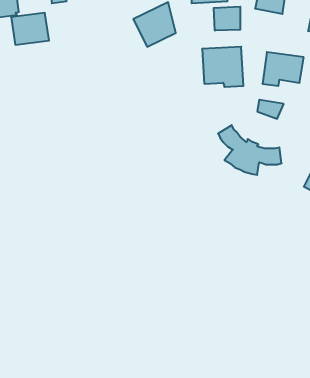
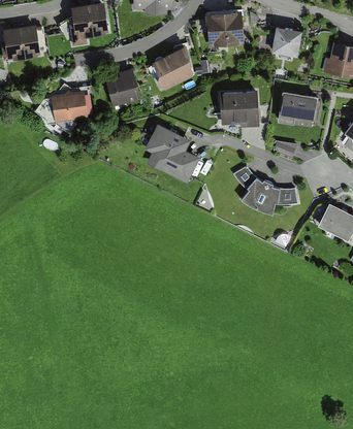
building: [214,7,240,31] -> none
building: [11,13,49,45] -> [51,91,88,122]
building: none -> [105,67,140,105]
building: none -> [143,123,200,183]

